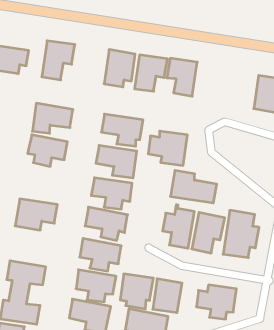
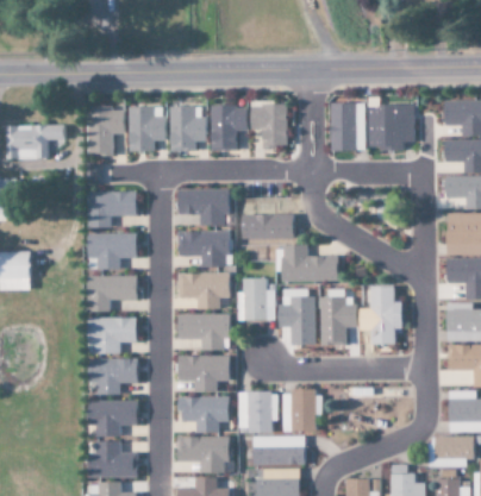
building: none -> [129,106,164,151]
building: none -> [330,102,366,151]
building: none -> [87,276,136,312]
building: none -> [238,278,276,321]
building: none -> [88,358,137,395]

